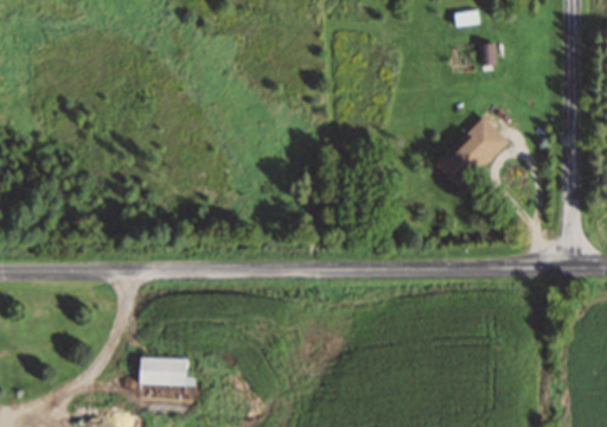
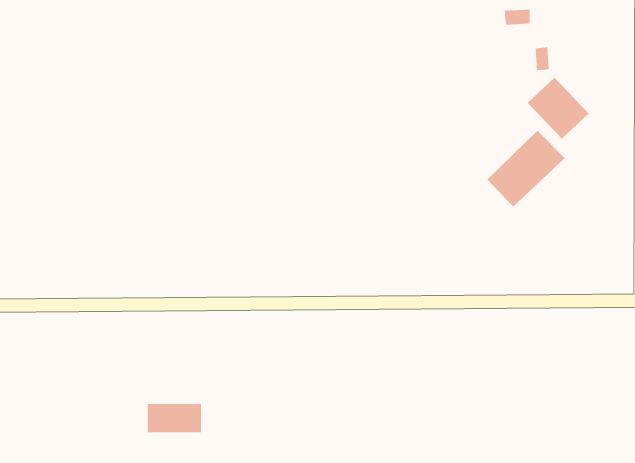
building: none -> [527,77,589,140]

